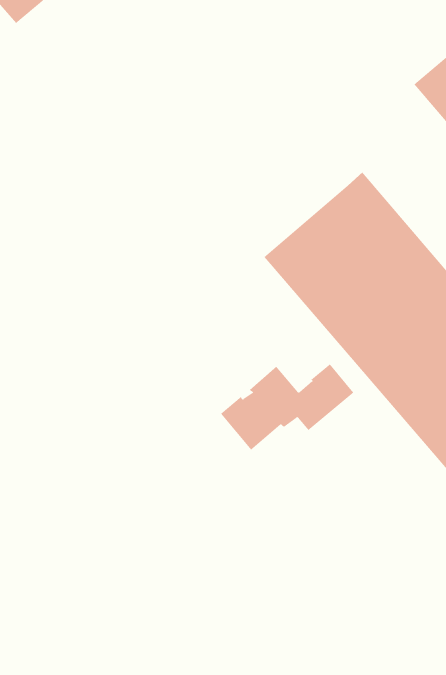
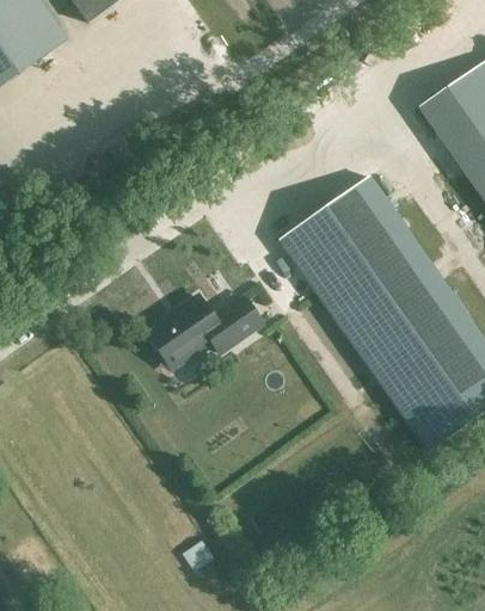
building: [220,364,354,450] -> [147,295,262,364]

